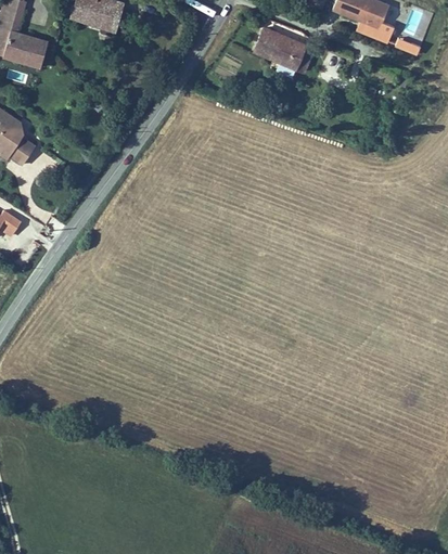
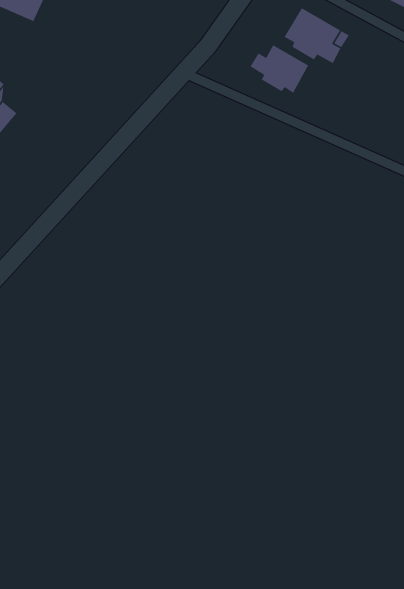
building: none -> [249,44,309,94]

